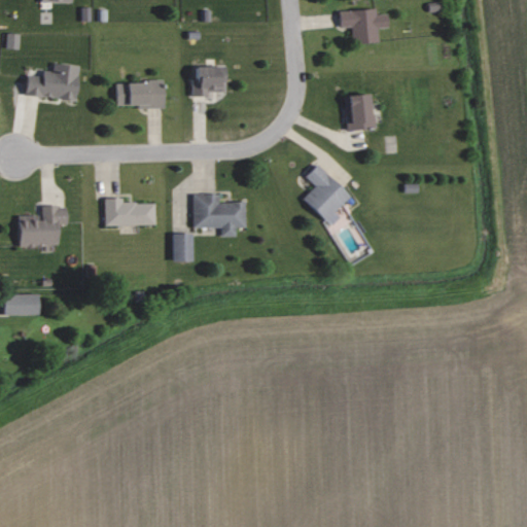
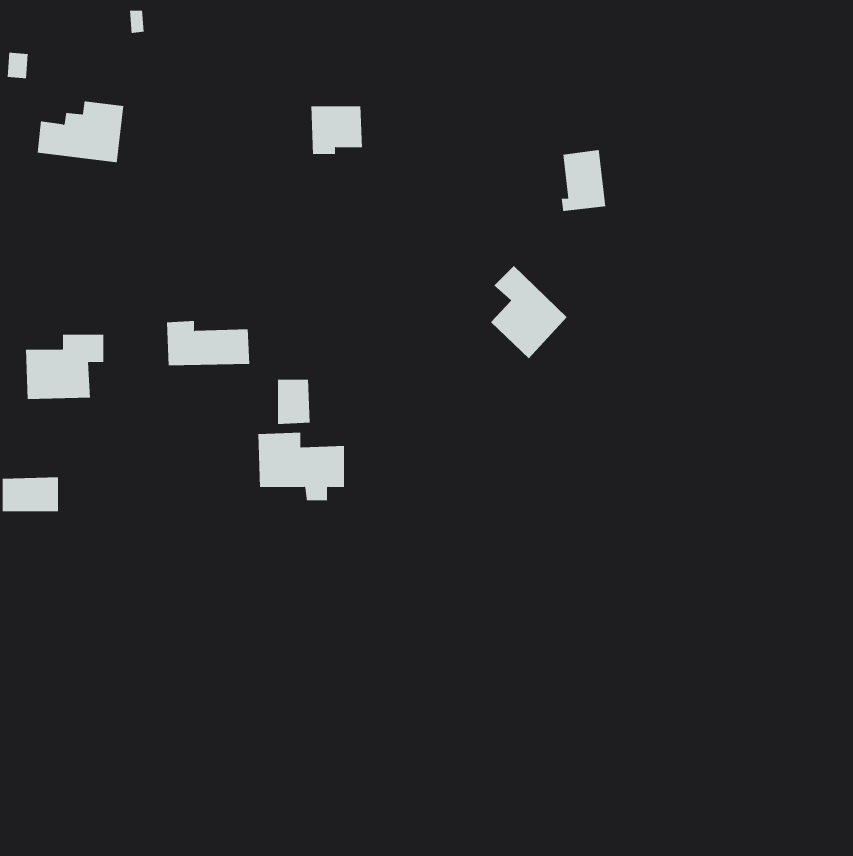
building: [340,8,389,43] -> none
building: [116,81,165,109] -> none
building: [192,194,246,236] -> [257,432,345,501]

